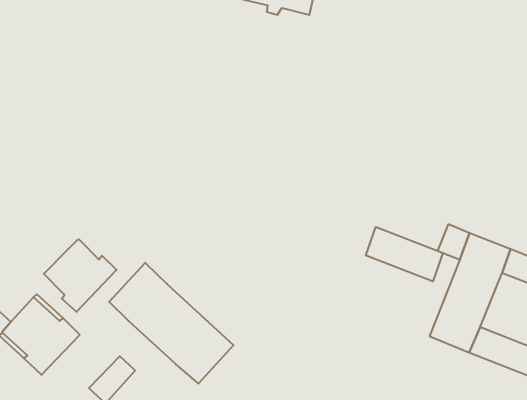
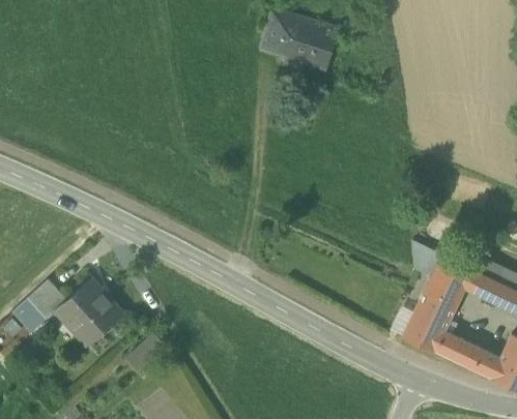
building: [366,227,443,281] -> none
building: [44,239,117,312] -> none
building: [109,263,233,384] -> none

